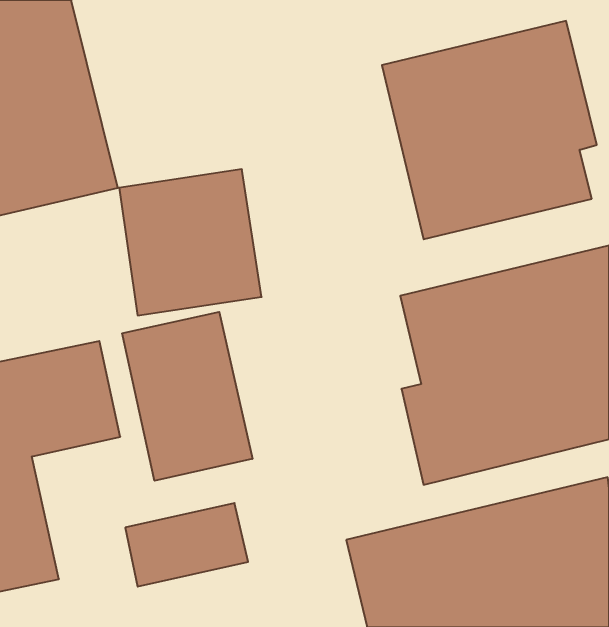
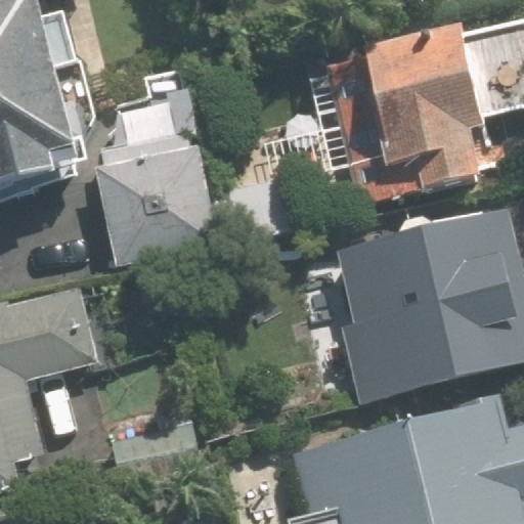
building: [122,312,252,481] -> none

